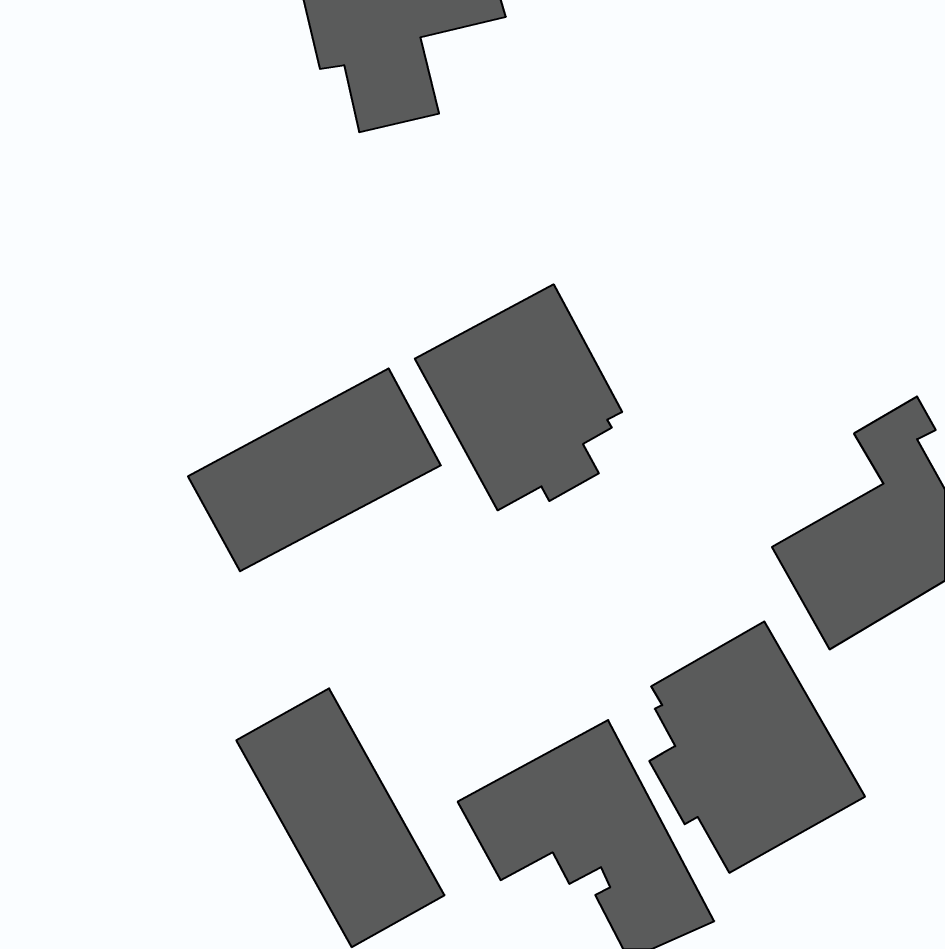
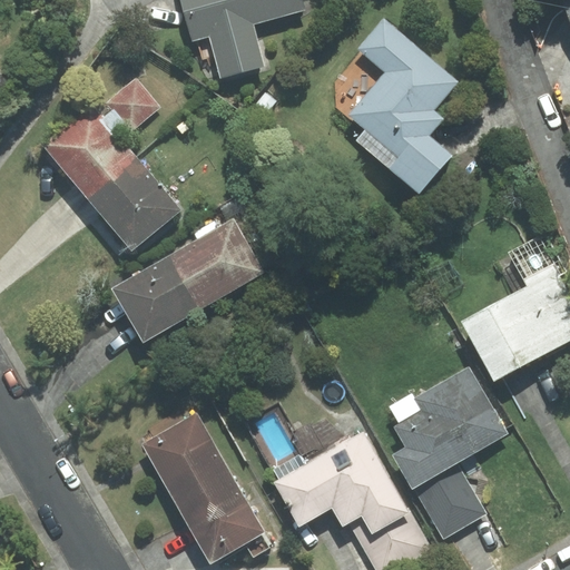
building: none -> [345,16,459,195]
building: none -> [40,79,179,252]
building: [415,284,622,510] -> none

